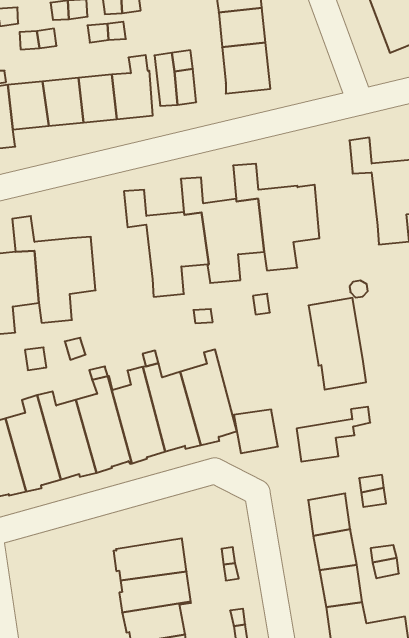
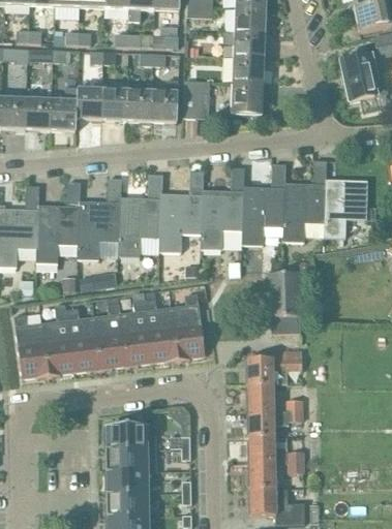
building: none -> [271,163,325,242]
building: none -> [107,178,160,255]
building: [234,410,278,453] -> [246,382,274,410]

